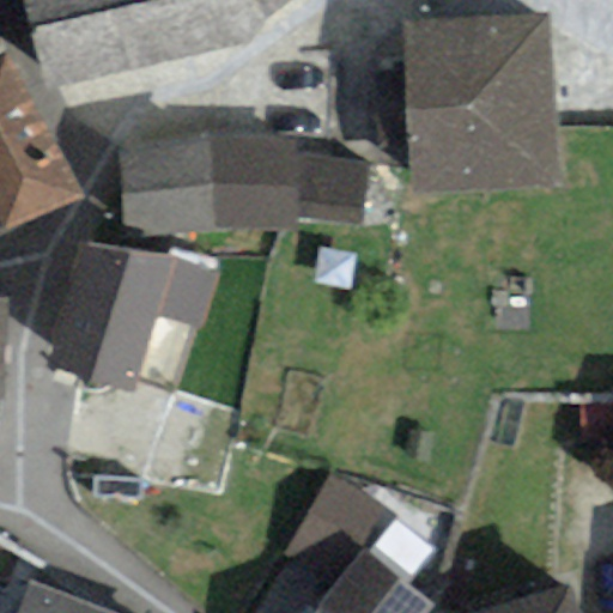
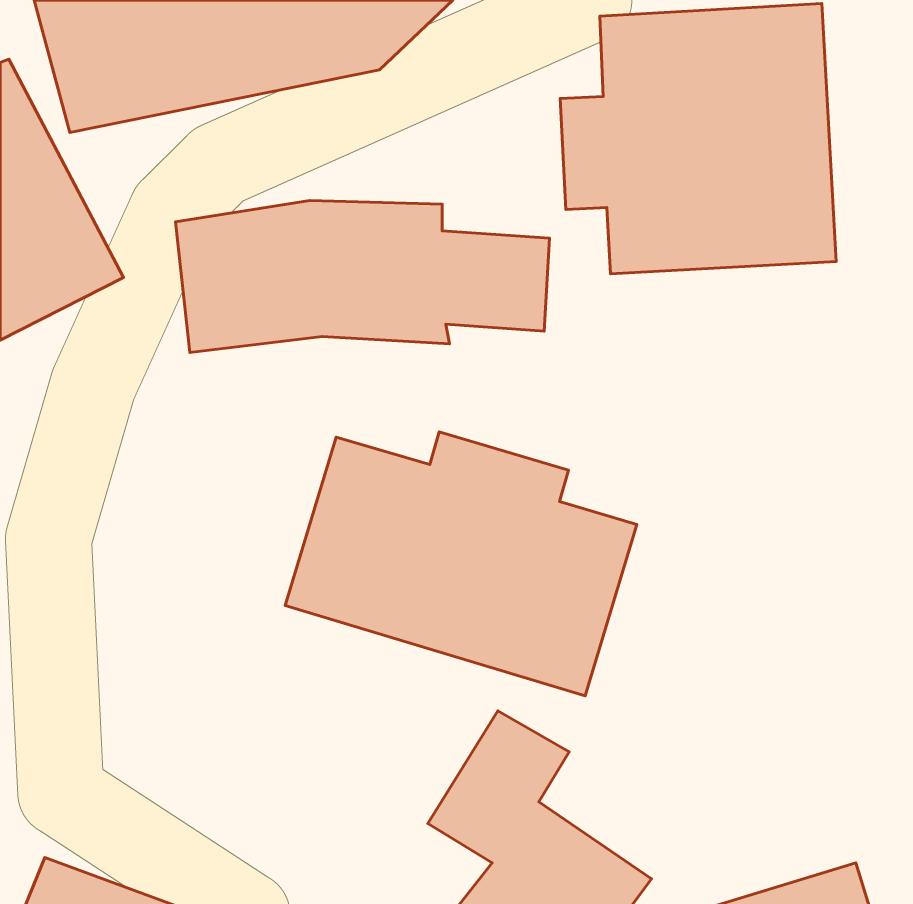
building: [47,242,166,389] -> none
building: none -> [285,432,637,696]

